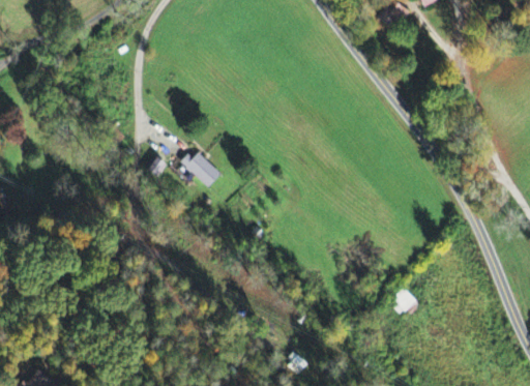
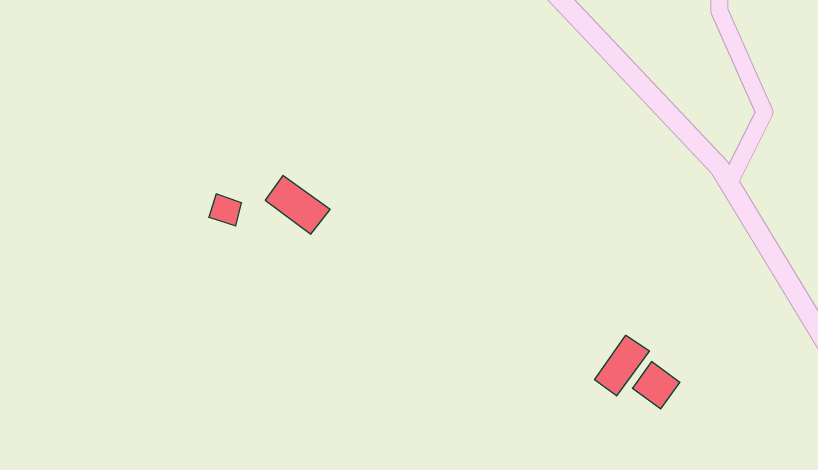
building: none -> [595,335,649,396]

